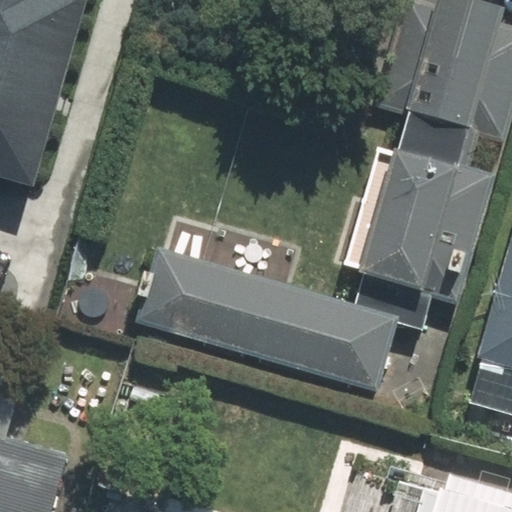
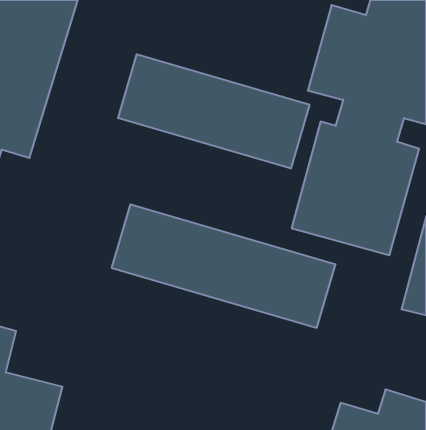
building: none -> [118,54,309,169]

